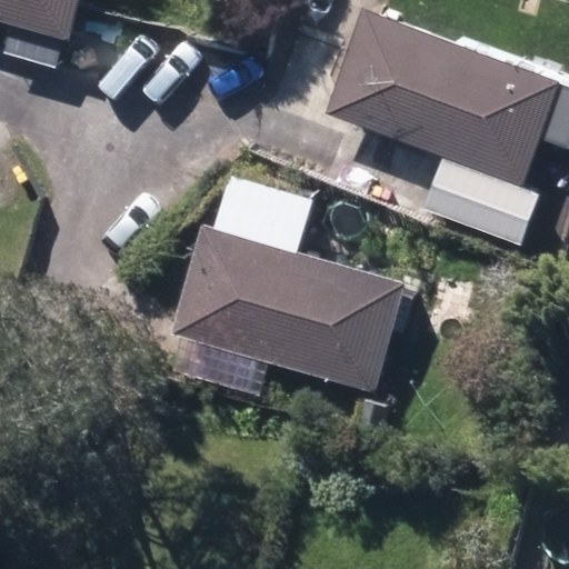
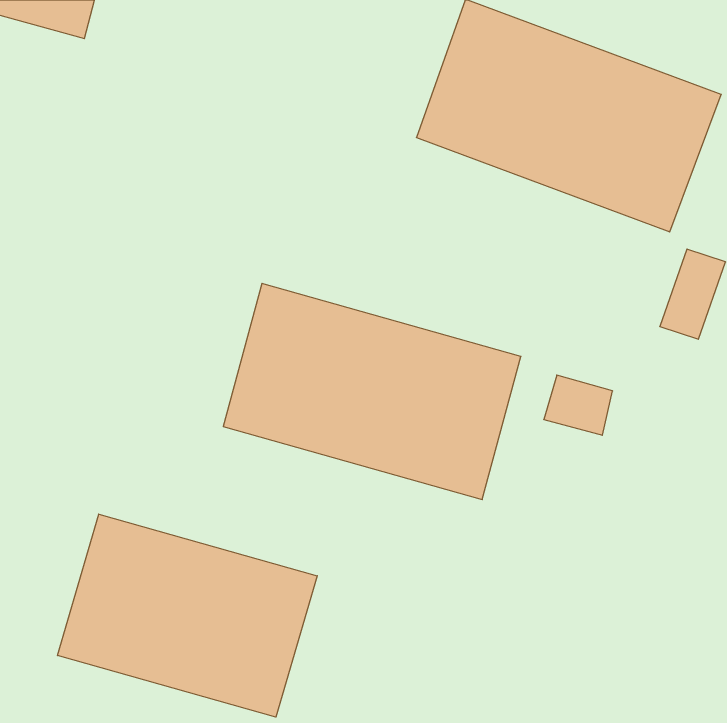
building: none -> [58,514,317,717]

